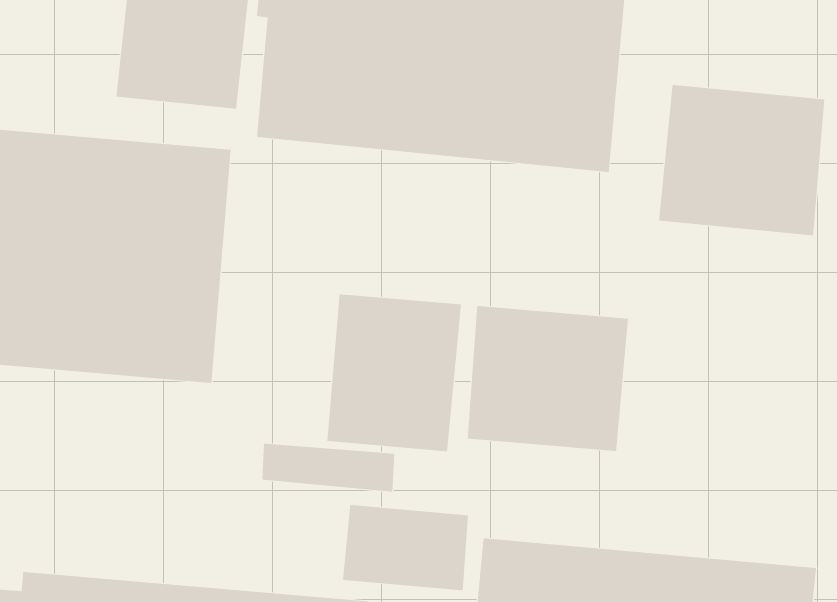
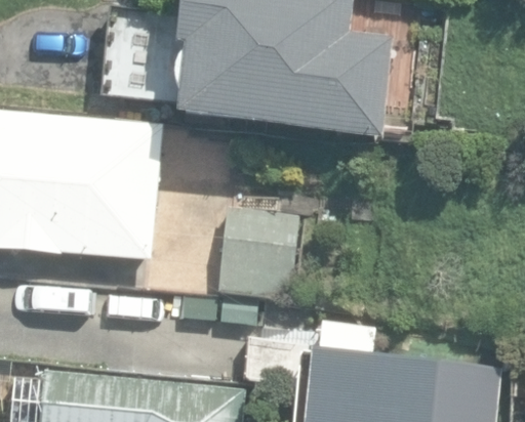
building: [658,84,825,236] -> none
building: [467,305,628,452] -> none

